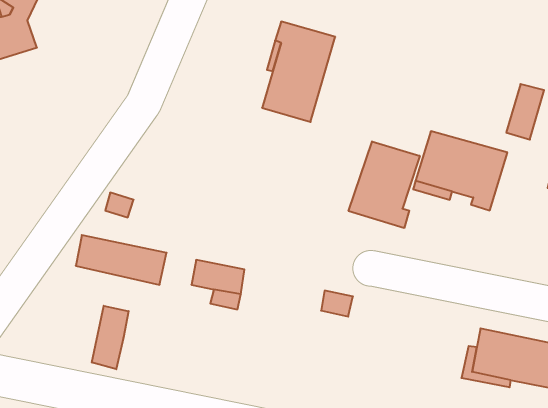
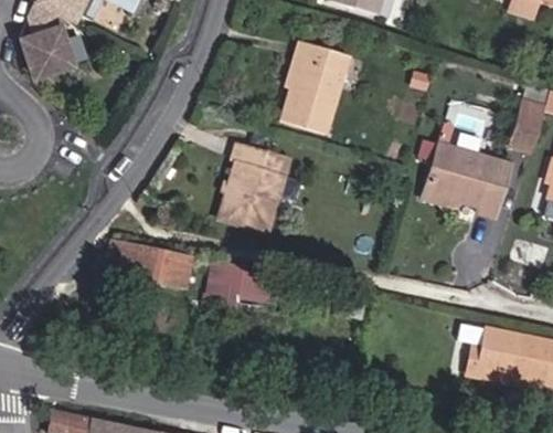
building: none -> [220,144,289,232]
building: [349,141,420,228] -> none
building: [92,306,129,369] -> none

